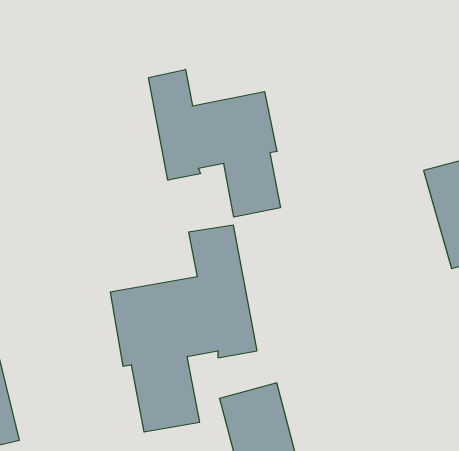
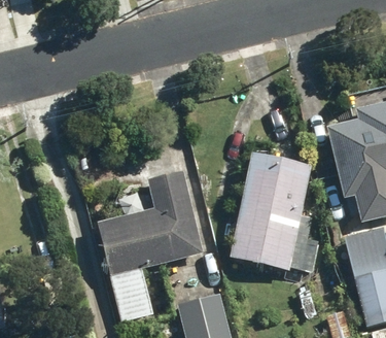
building: [149,69,280,217] -> none
building: none -> [225,149,313,267]

